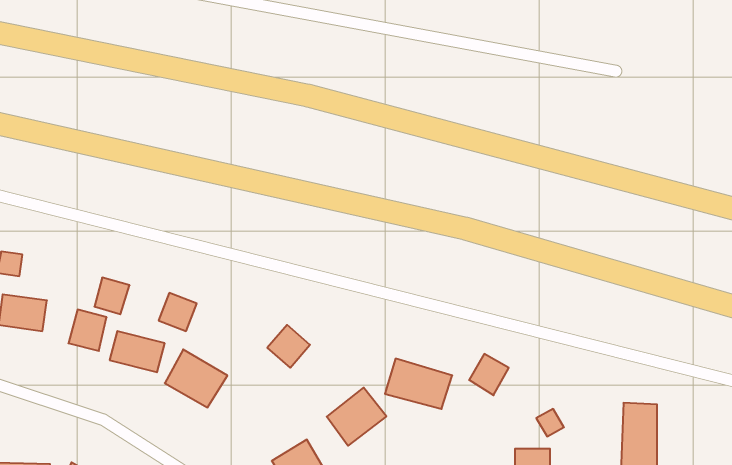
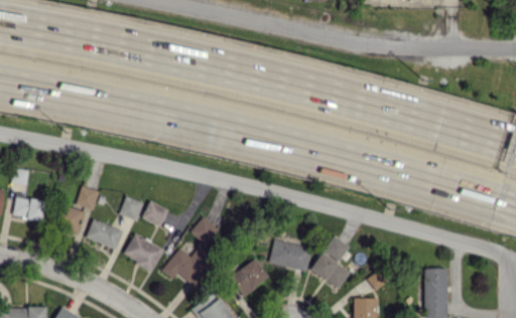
building: none -> [142,200,169,226]
building: none -> [162,248,217,288]
building: none -> [310,253,351,288]

